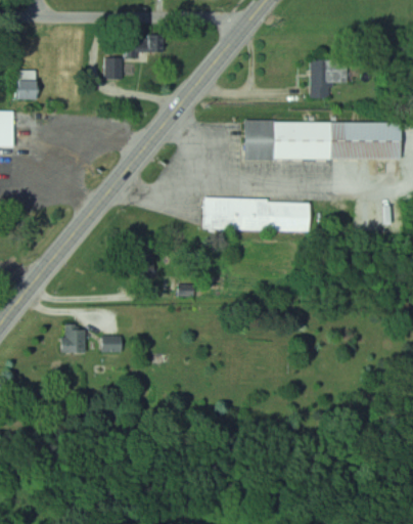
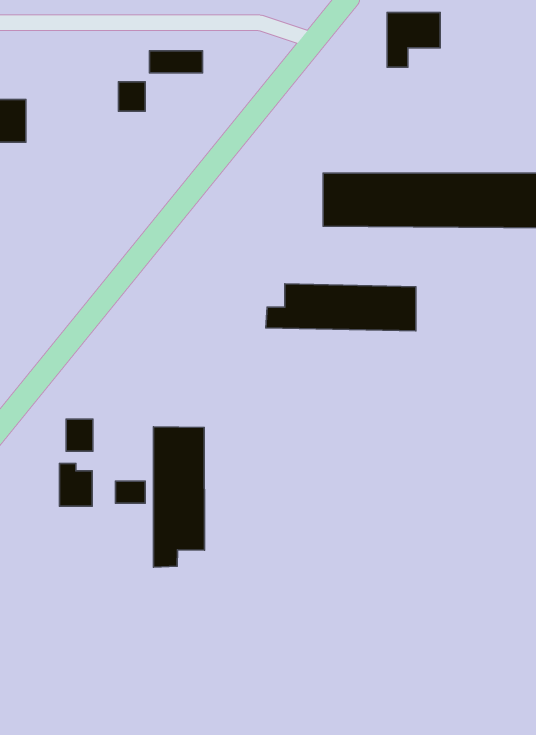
building: [310,59,347,97] -> [387,13,440,67]
building: none -> [66,419,93,451]
building: none -> [154,427,205,567]

